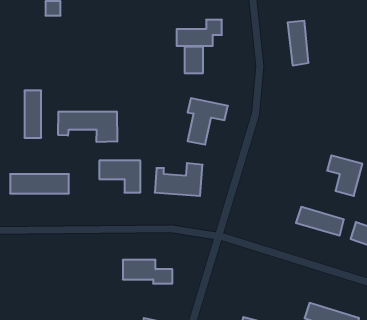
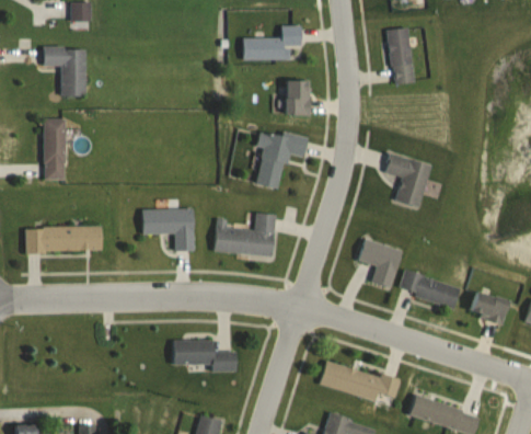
building: none -> [43,47,86,96]
building: [185,47,203,73] -> [286,80,310,114]
building: [58,112,117,142] -> none
building: [327,155,362,196] -> [384,153,430,206]
building: none -> [357,238,403,287]
building: none -> [319,359,400,399]

